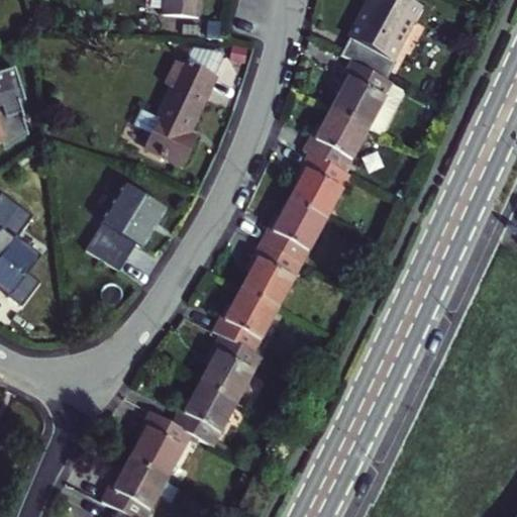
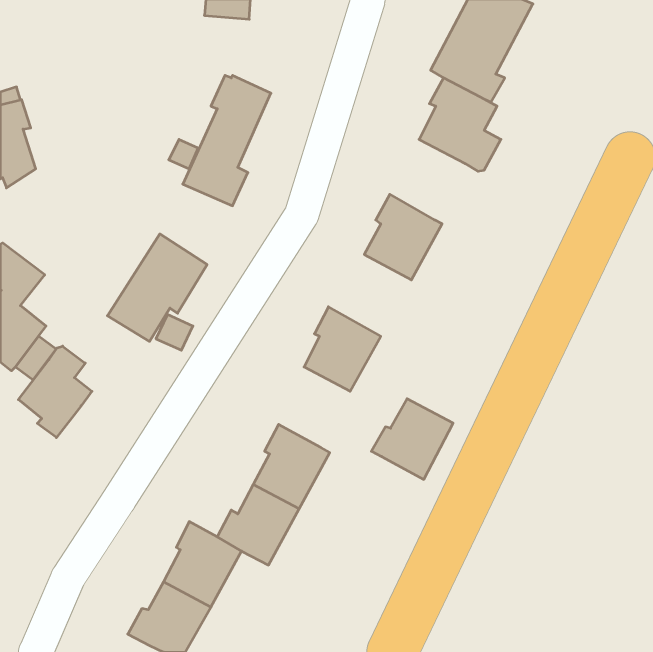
building: [302,110,368,174] -> none
building: [260,201,325,266] -> none
building: none -> [18,346,92,438]
building: [212,290,277,353] -> [371,399,453,479]

